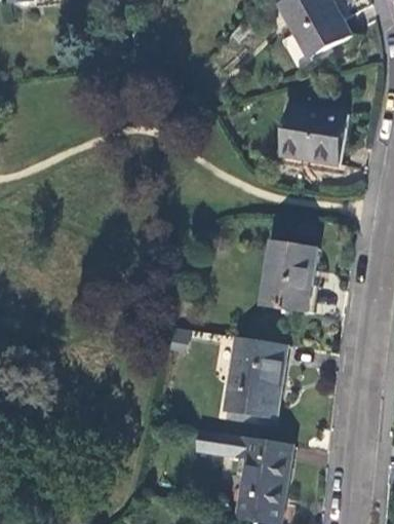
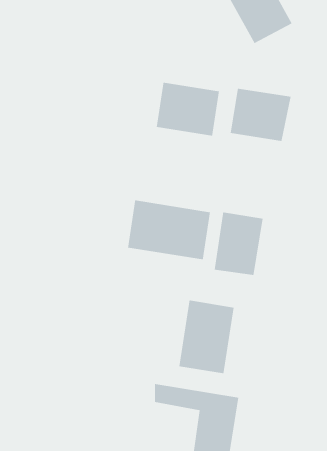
building: none -> [156,82,219,137]
building: none -> [128,200,210,260]

